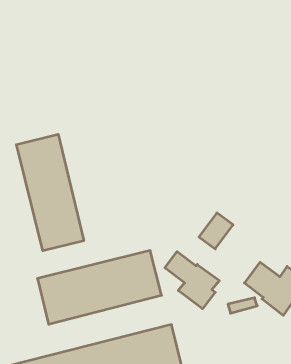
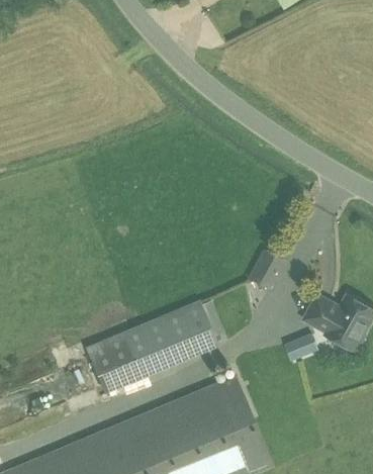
building: [16,134,84,251] -> none
building: [165,252,219,309] -> none

